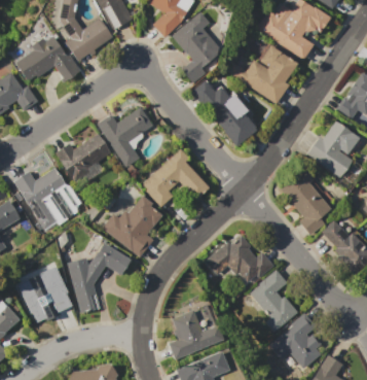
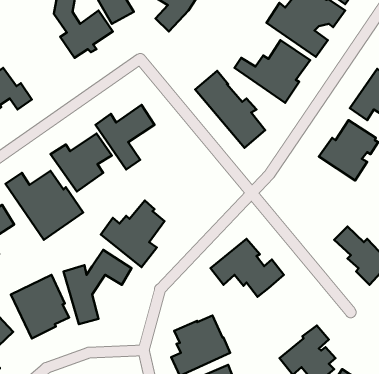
building: [173,12,219,83] -> none
building: [15,35,81,82] -> none
building: [141,147,209,207] -> none
building: [282,170,332,237] -> none
building: [250,269,298,333] -> none

